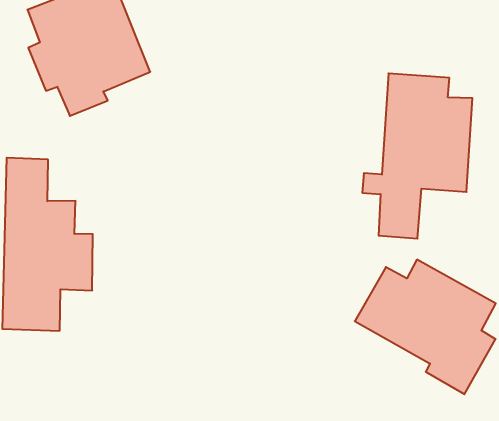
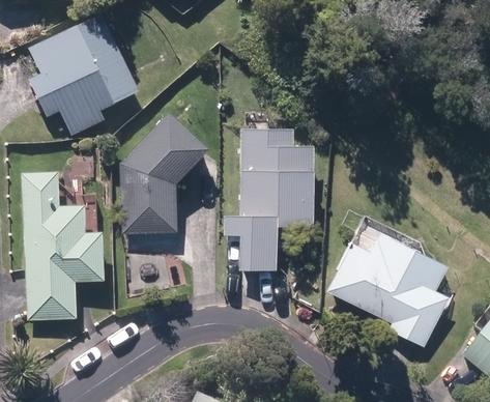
building: [362,73,472,239] -> [225,133,313,270]
building: none -> [121,115,205,233]

